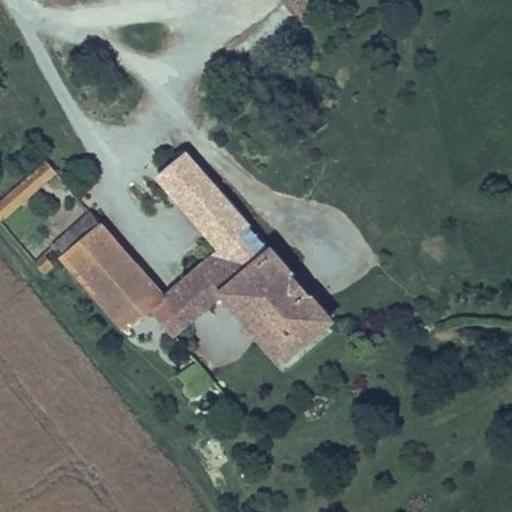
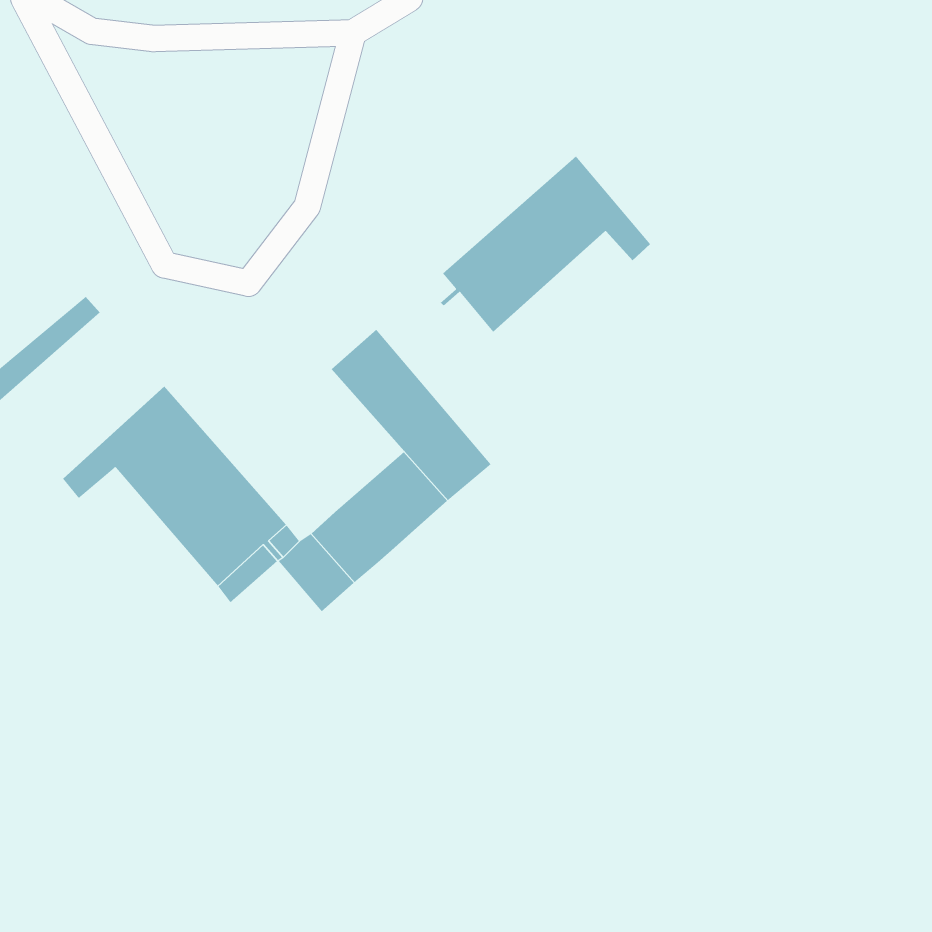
building: none -> [440,156,651,332]
building: [157,152,206,202] -> none
building: [225,254,328,360] -> none

